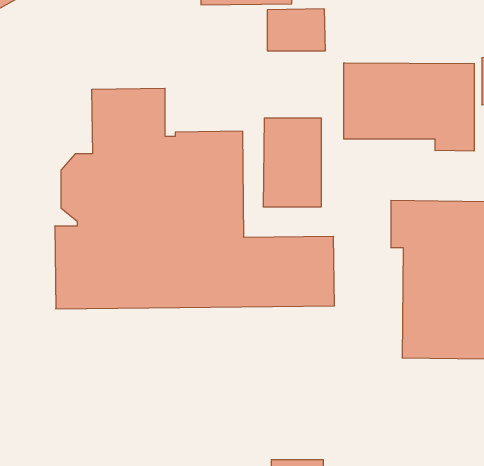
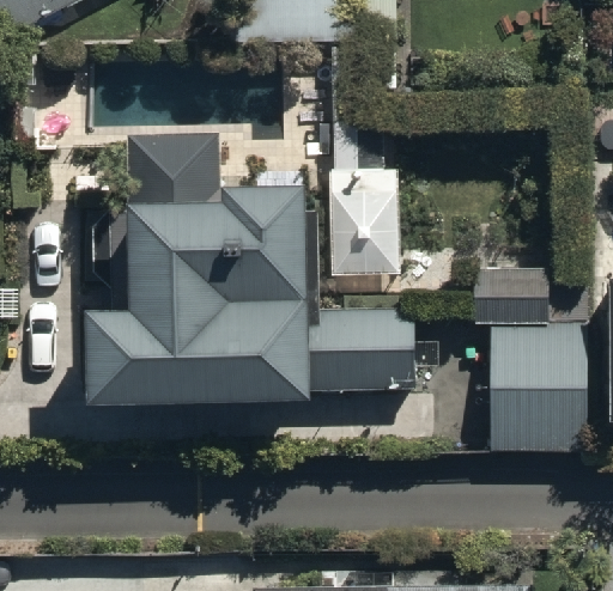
building: [344,63,474,151] -> none

